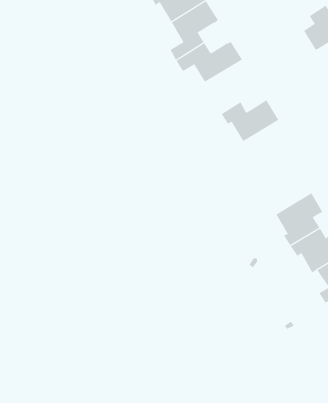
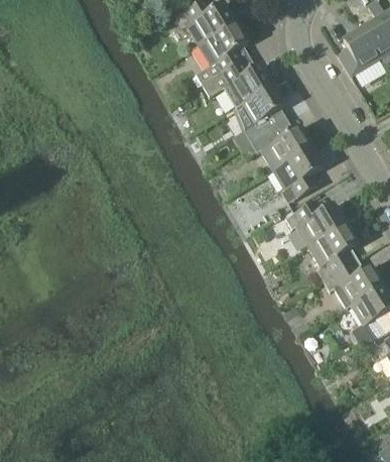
building: none -> [233,84,285,141]
building: none -> [273,147,323,203]
building: none -> [285,198,346,247]

